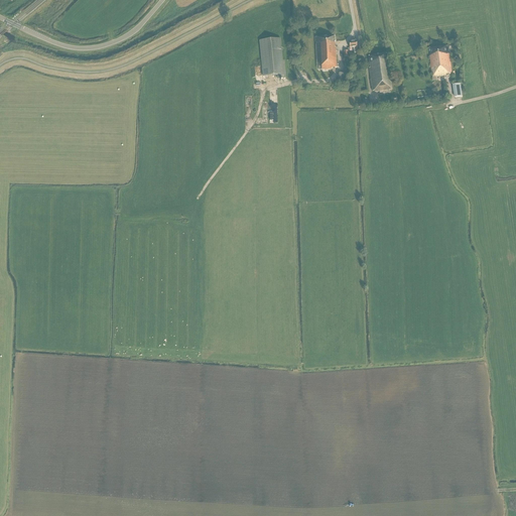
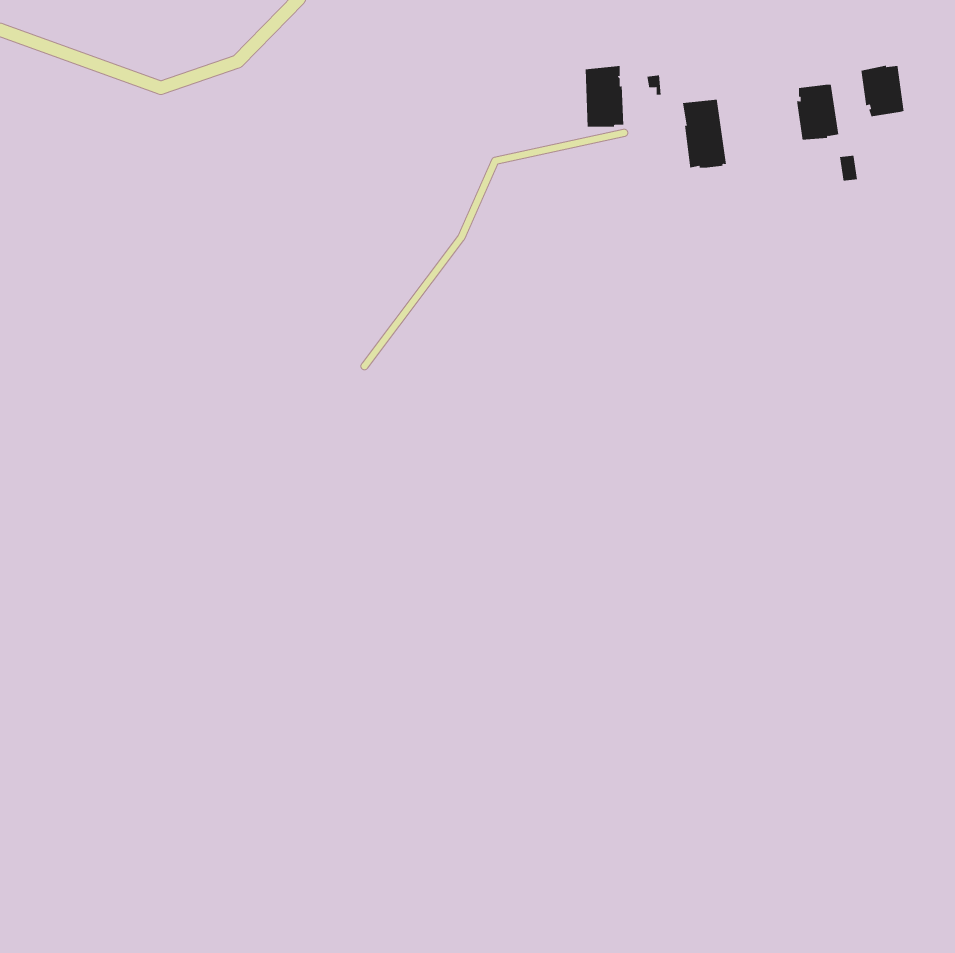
building: none -> [861,65,904,117]
building: [259,37,285,79] -> none

